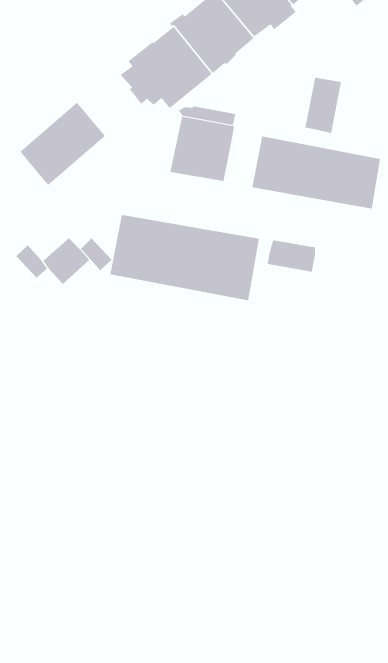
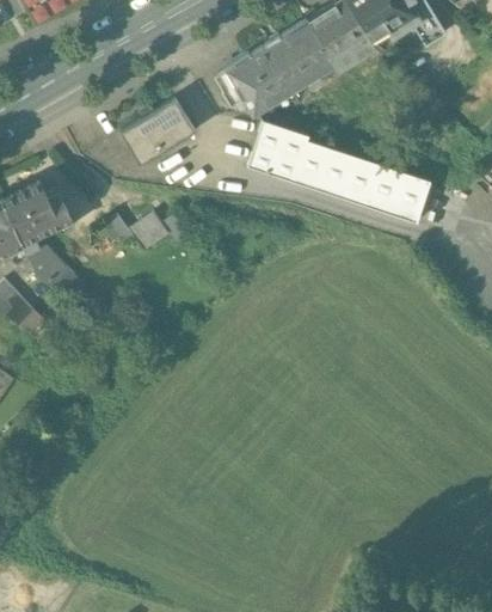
building: [304,77,342,134] -> [294,140,331,190]
building: [110,214,260,301] -> none
building: [267,239,316,272] -> none

